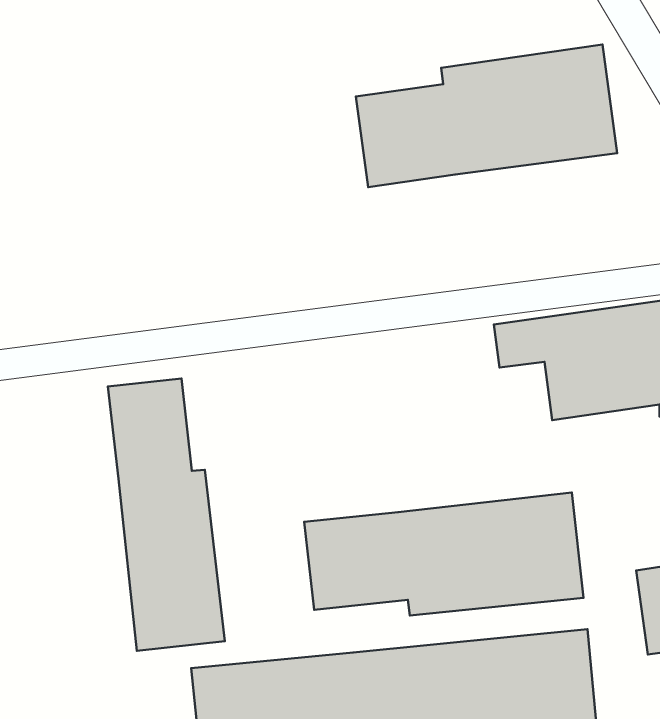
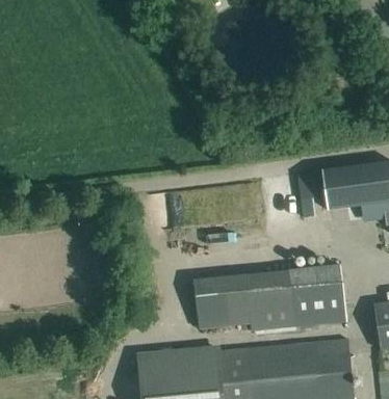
building: [356,44,617,187] -> none
building: [108,379,225,651] -> none

